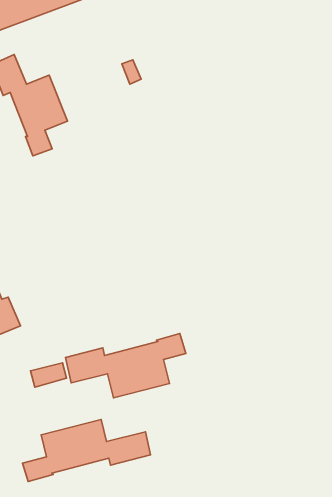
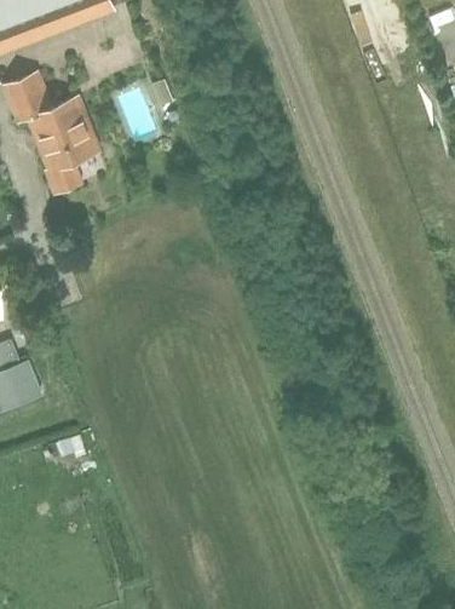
building: [66,333,186,398] -> none
building: [23,420,150,482] -> none

